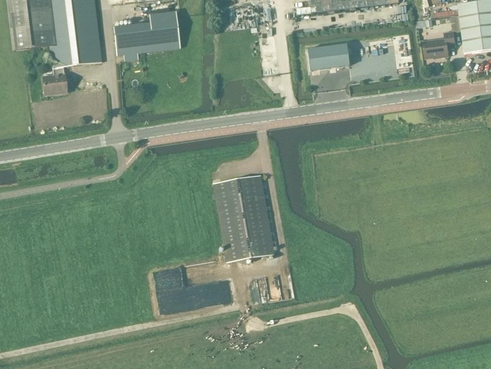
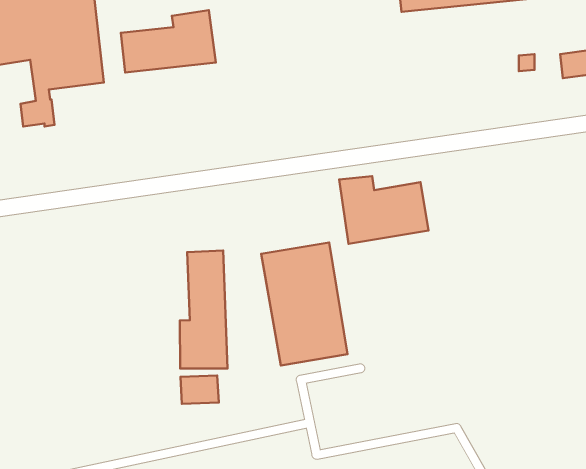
building: [307,44,349,70] -> none
building: none -> [339,176,428,244]
building: none -> [180,251,228,369]

